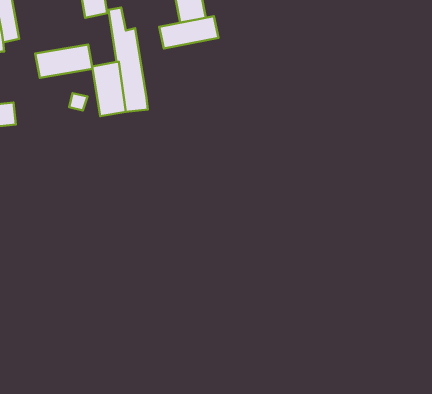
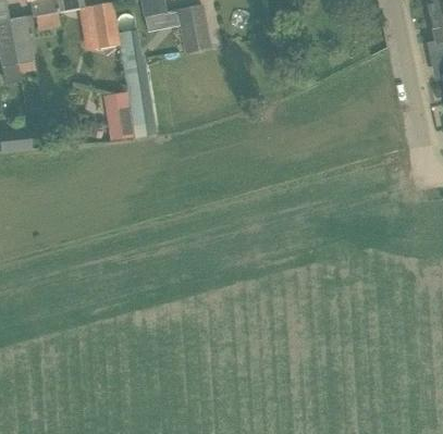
building: [159,16,219,49] -> none
building: [35,45,93,78] -> none

